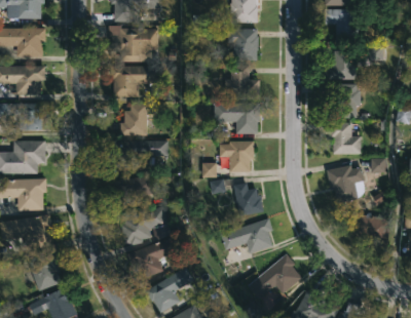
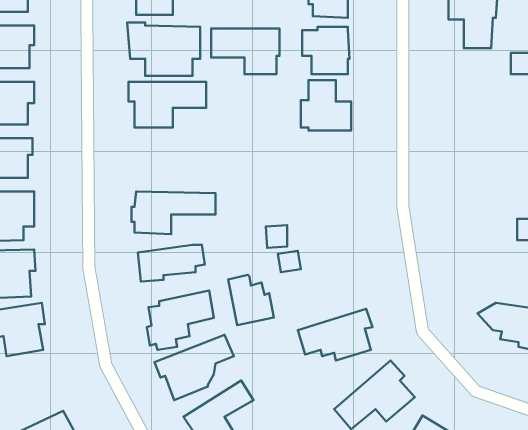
building: [326,50,356,79] -> none
building: [326,84,361,118] -> none
building: [214,103,260,133] -> [211,28,280,74]
building: [119,104,156,135] -> none
building: [325,122,361,154] -> none
building: [219,141,254,172] -> none
building: [326,164,365,204] -> none
building: [233,183,264,216] -> [228,275,274,325]
building: [28,251,61,290] -> none

